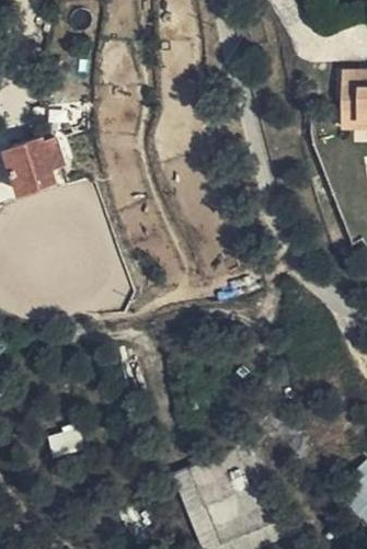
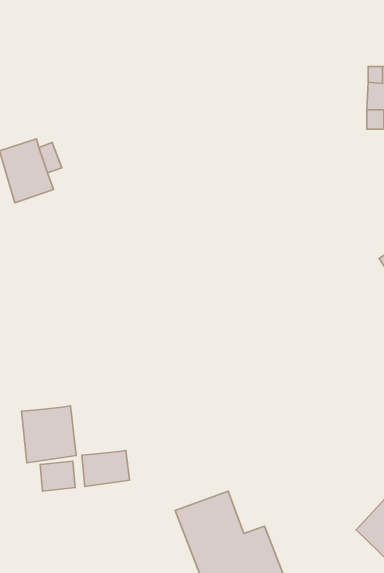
building: none -> [21,406,76,463]
building: none -> [82,450,130,486]

